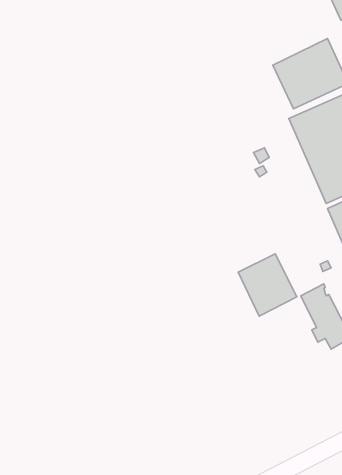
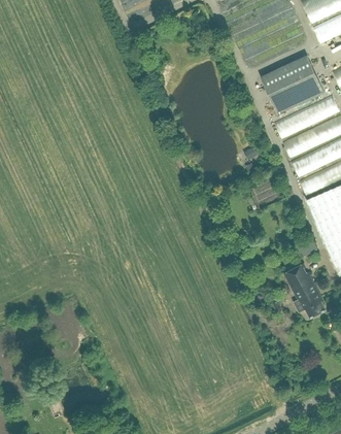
building: [238,254,297,316] -> none

